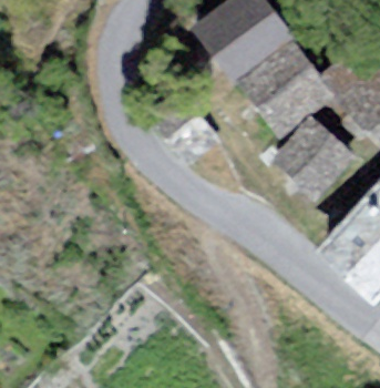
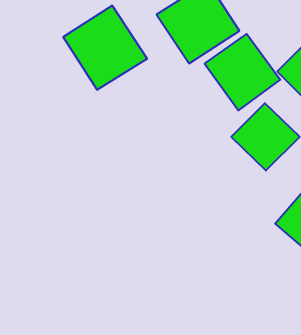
building: none -> [63,5,147,90]

